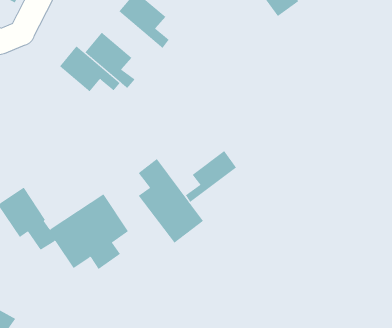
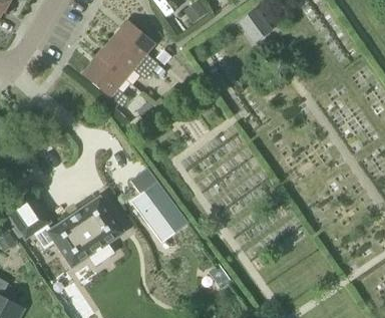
building: [59,46,121,92] -> [97,38,151,79]
building: [185,150,237,203] -> none

